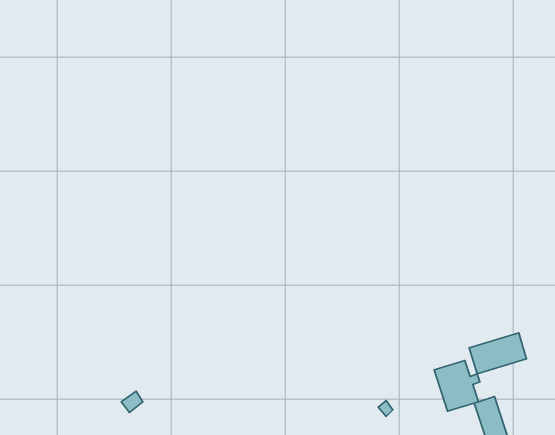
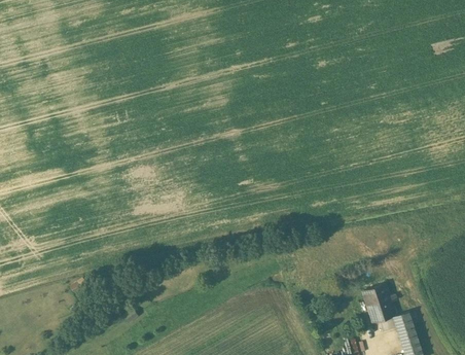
building: [469,333,526,374] -> none

